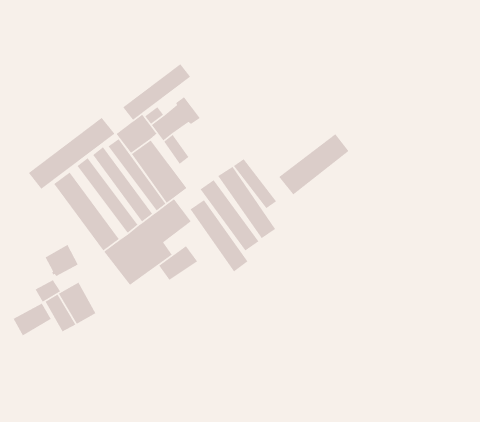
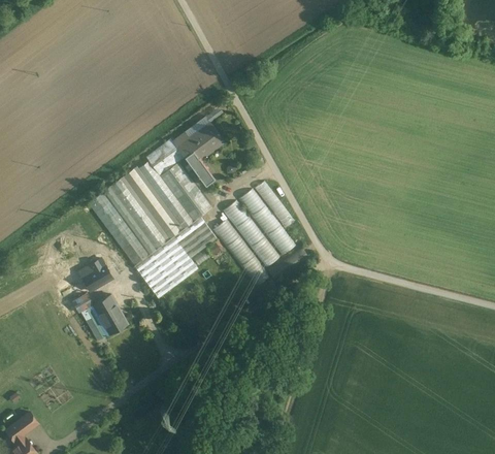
building: [122,63,191,121] -> none
building: [28,117,115,190] -> none
building: [278,133,349,195] -> none
building: [158,245,198,281] -> none
building: [13,303,52,336] -> none

